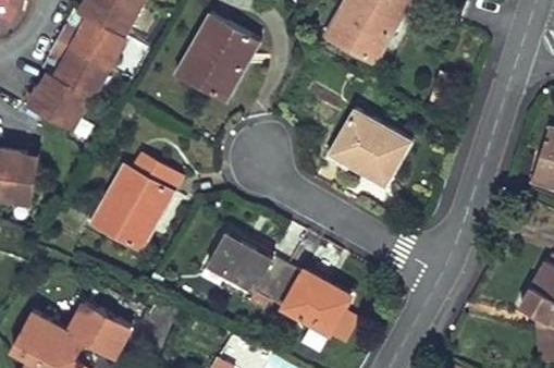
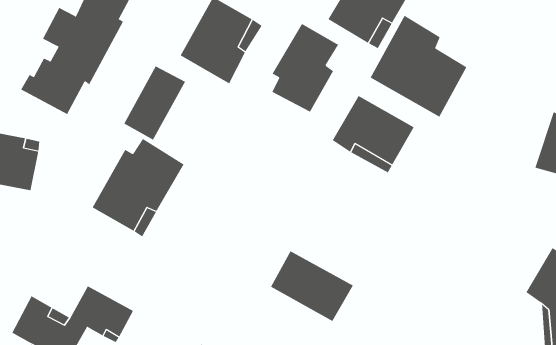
building: none -> [370,15,467,118]
building: none -> [271,23,339,113]
building: none -> [124,66,186,140]
building: [208,230,287,300] -> none

